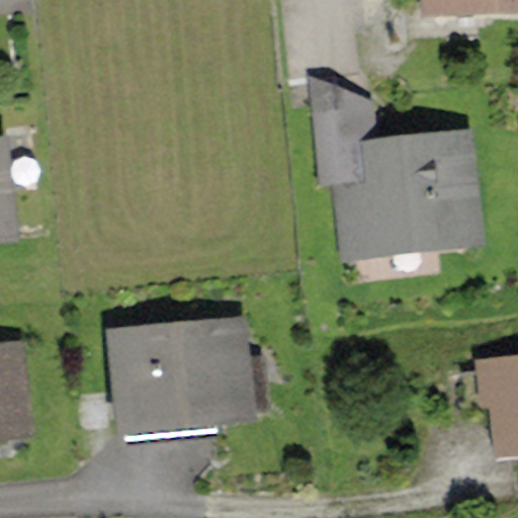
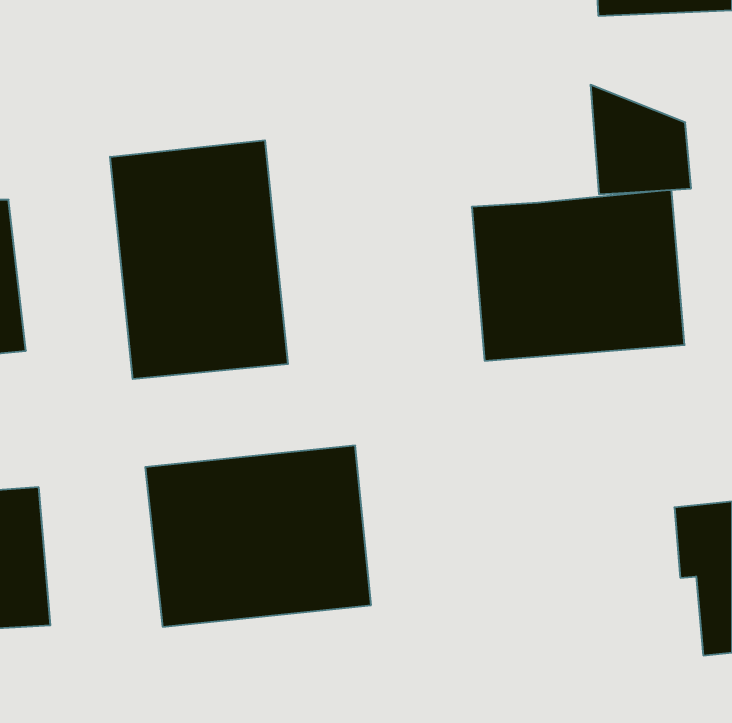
building: [308,70,378,147] -> [590,85,691,194]
building: none -> [110,140,288,379]

